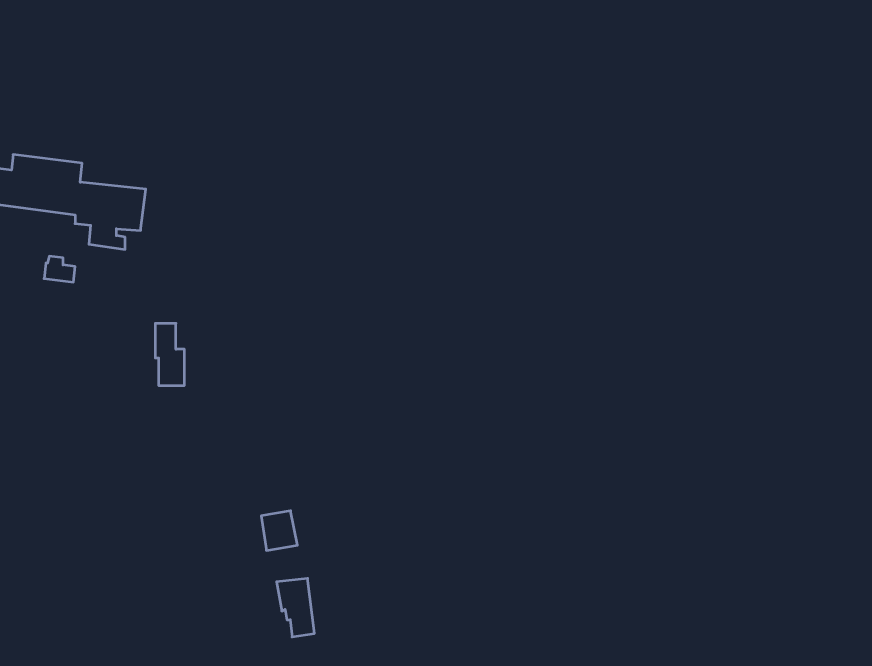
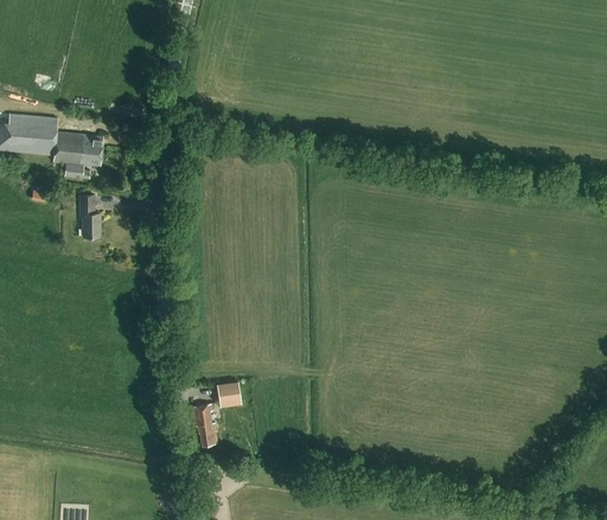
building: [155,323,184,385] -> [79,194,100,237]
building: [261,511,297,550] -> [216,379,241,406]

